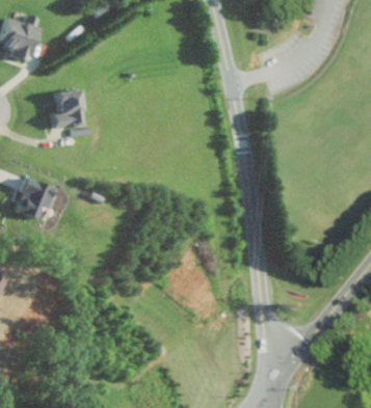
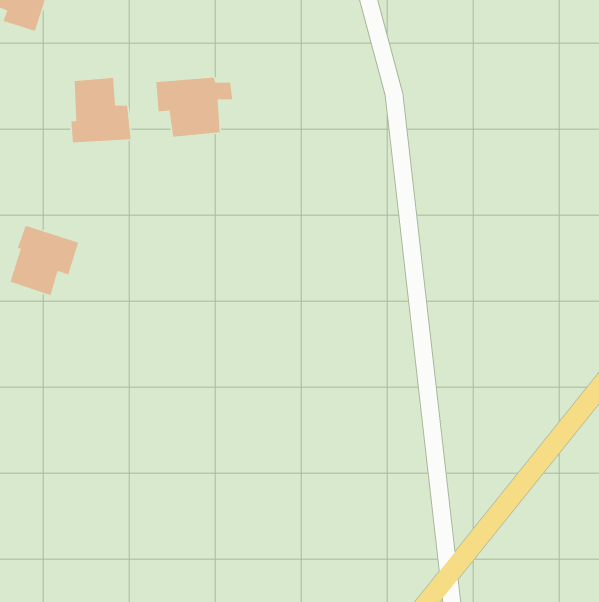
building: none -> [155,77,233,138]

